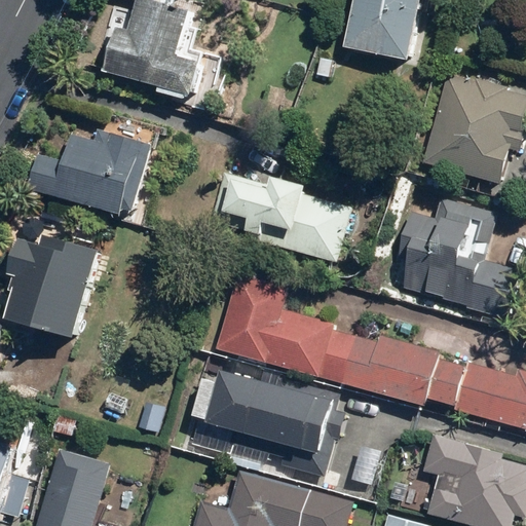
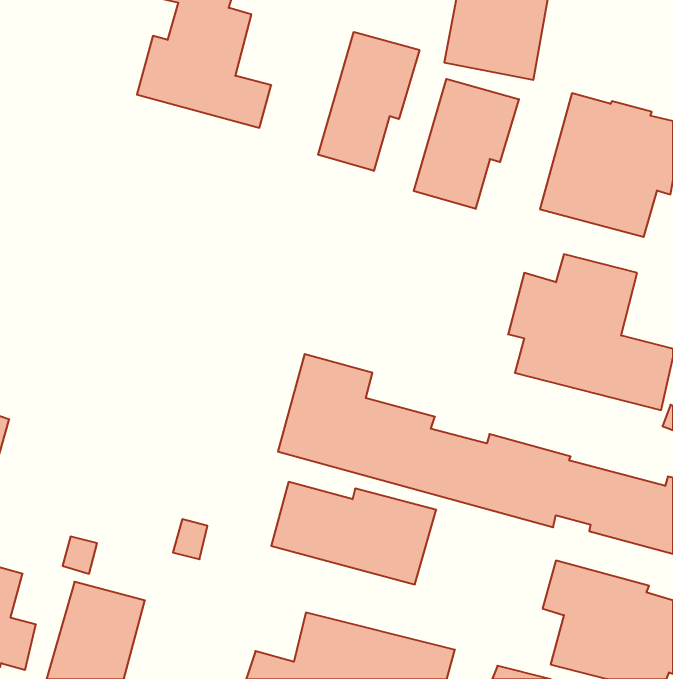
building: none -> [318,32,419,171]
building: none -> [414,79,519,209]
building: [30,130,157,217] -> none
building: [203,171,352,261] -> none
building: [7,235,104,340] -> none

